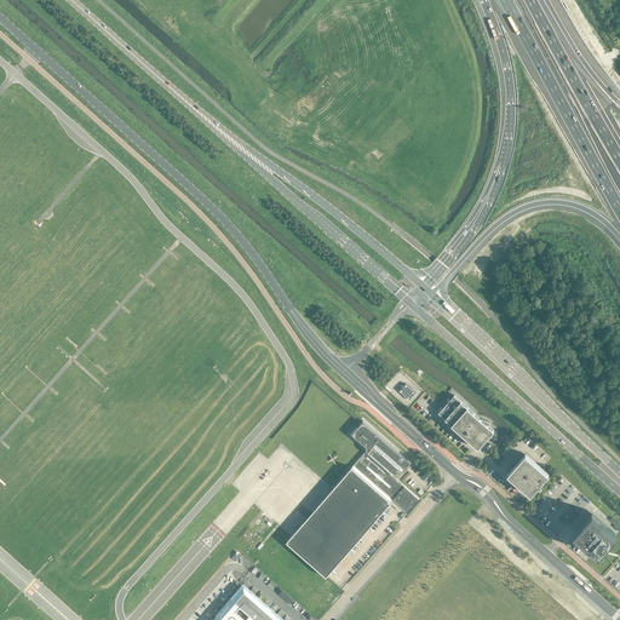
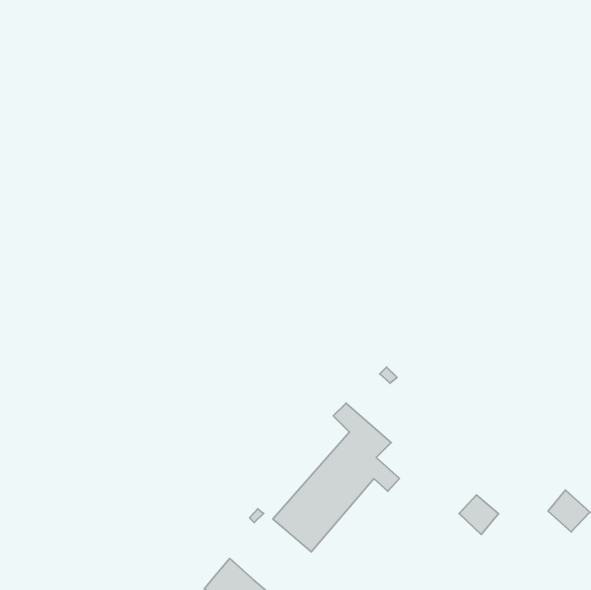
building: [436,398,492,452] -> none
building: [505,458,546,499] -> [459,495,499,534]

